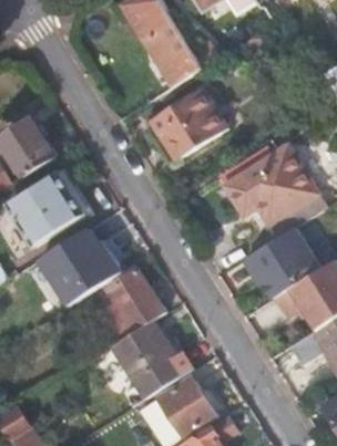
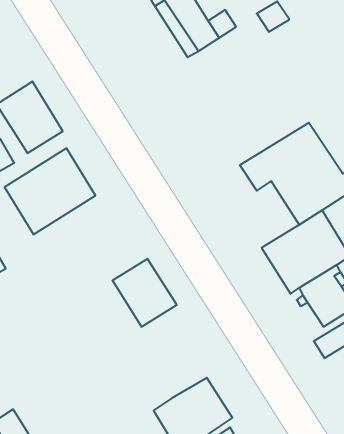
building: [149,86,226,155] -> none
building: [35,225,121,307] -> none
building: [112,320,182,396] -> none

